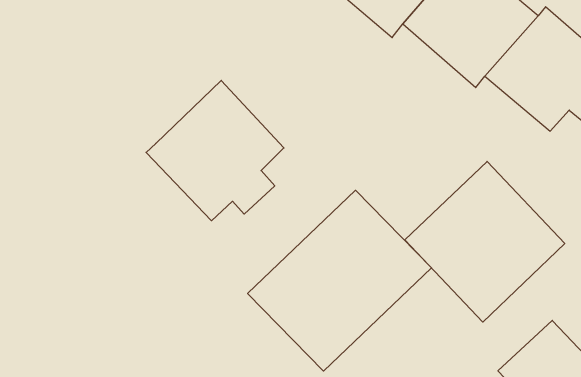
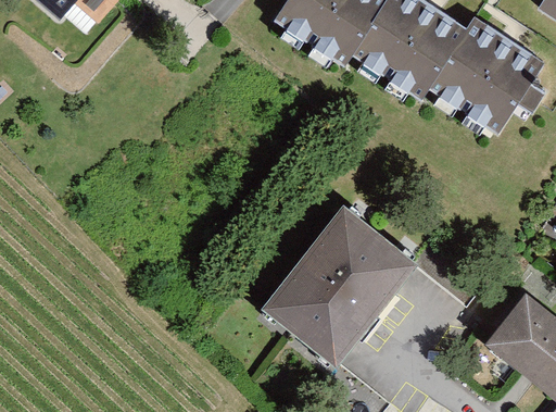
building: [146,80,284,221] -> none
building: [405,161,565,322] -> none

